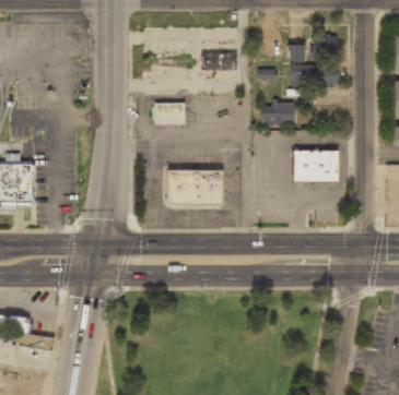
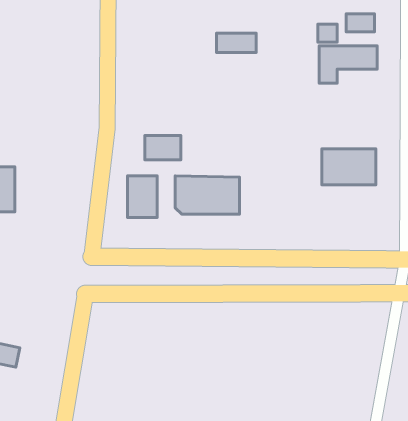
building: [154,103,185,123] -> [145,136,181,160]
building: [259,103,295,124] -> none
building: none -> [127,176,157,218]

